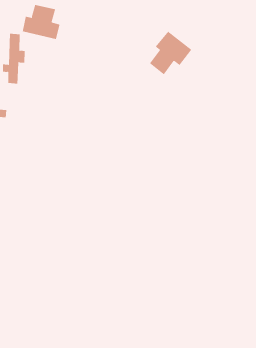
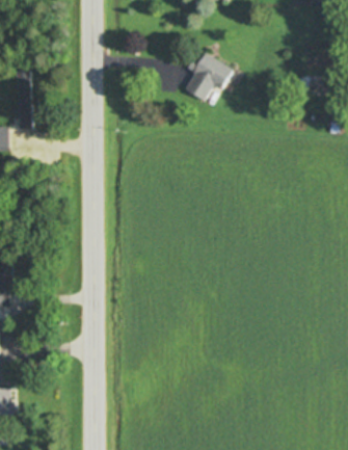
building: [22,4,60,40] -> none

